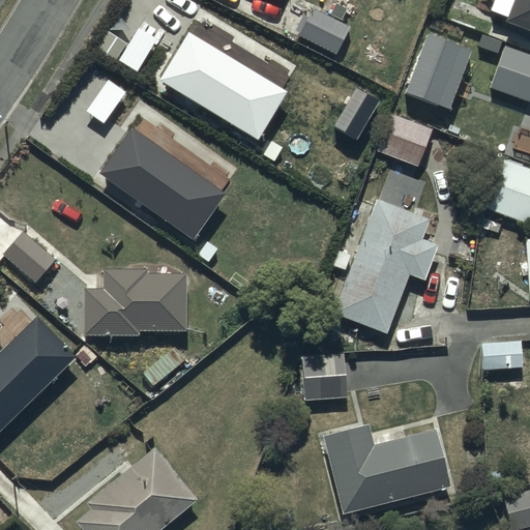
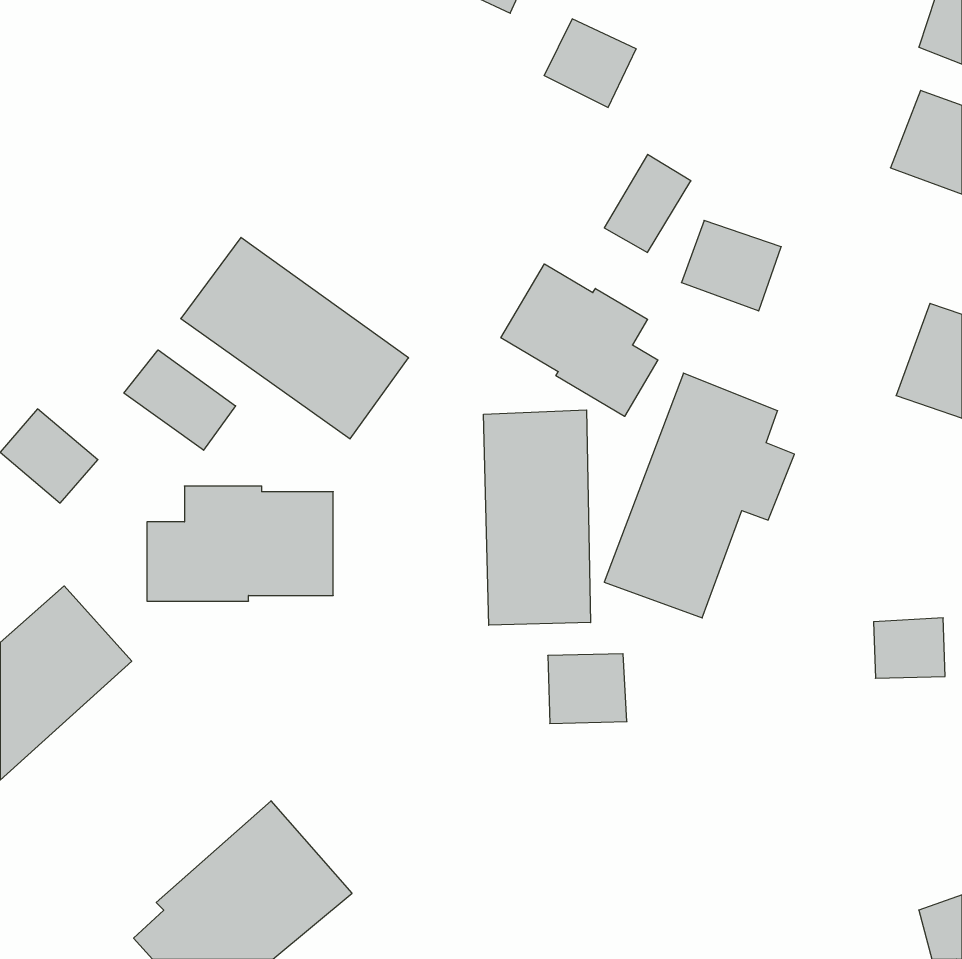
building: [163,31,288,143] -> none
building: [407,34,473,110] -> none
building: none -> [501,264,658,416]
building: none -> [124,350,236,450]
building: none -> [484,410,591,625]
building: [322,417,447,504] -> none

